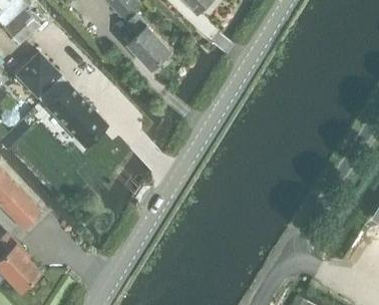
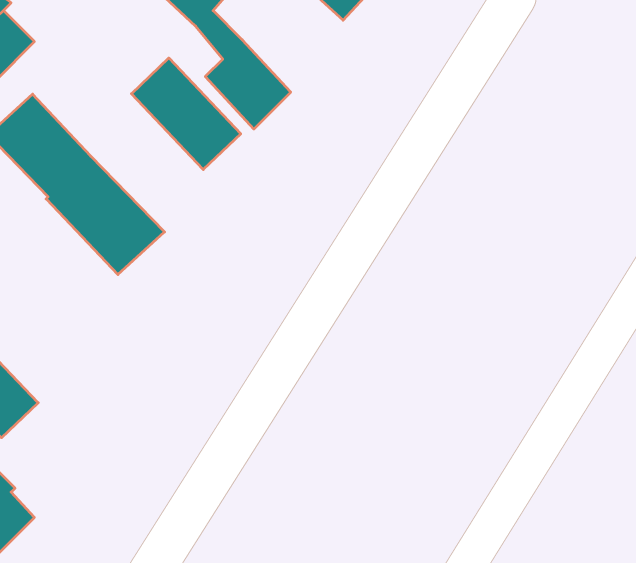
building: none -> [131,58,241,170]

